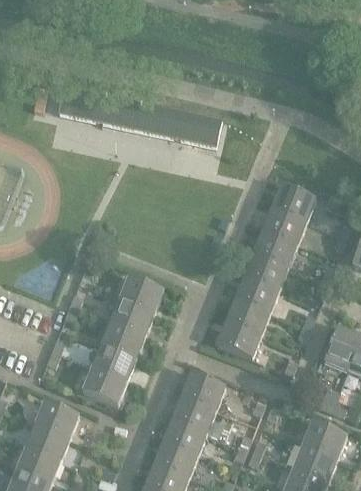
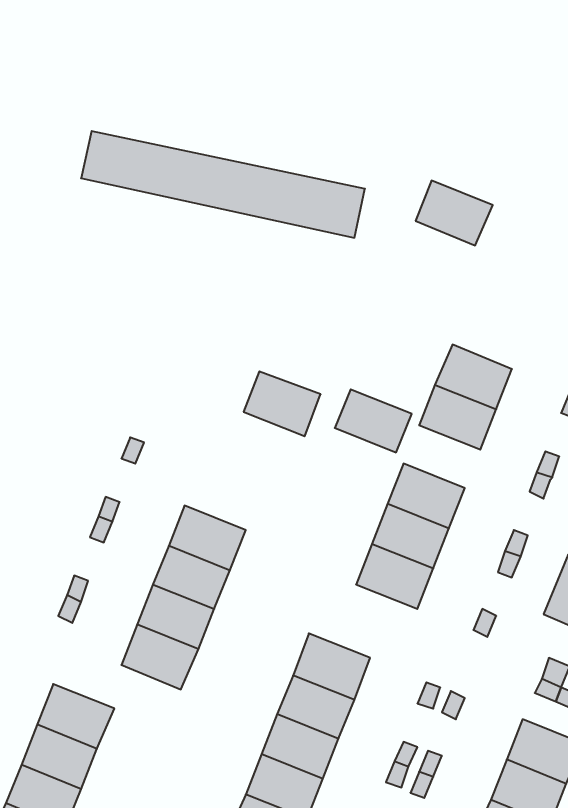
building: [272,184,316,221] -> [416,181,493,245]
building: [244,253,288,289] -> [335,389,412,452]
building: [119,276,163,313] -> [244,371,321,436]

